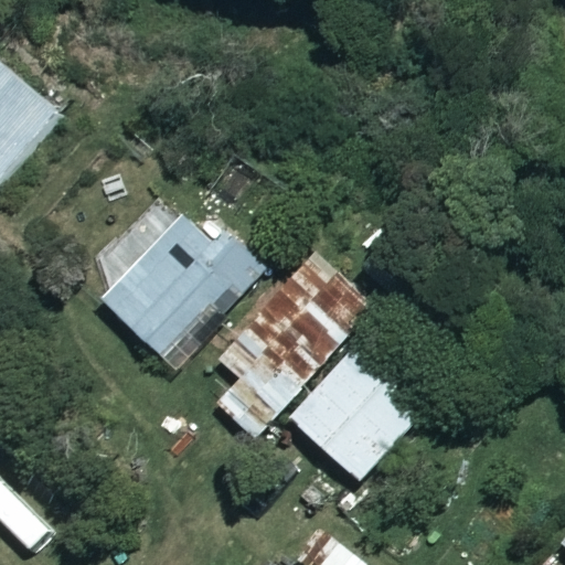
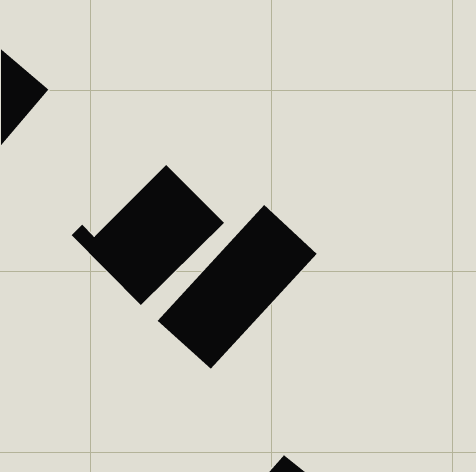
building: [290,349,423,480] -> none

